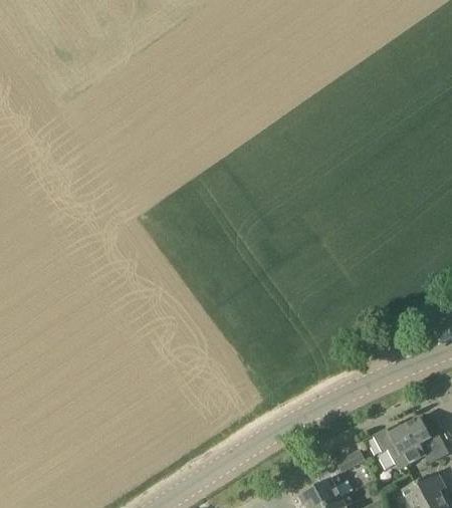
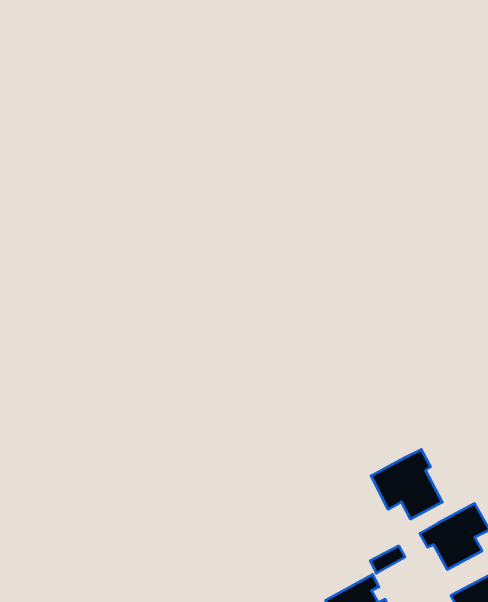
building: none -> [371,449,442,519]

